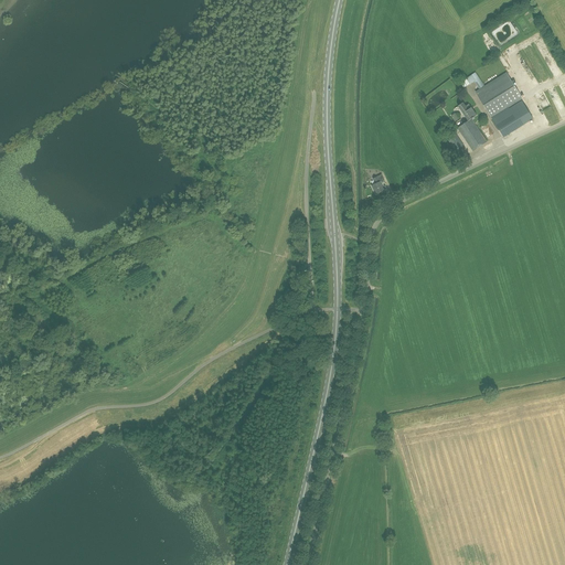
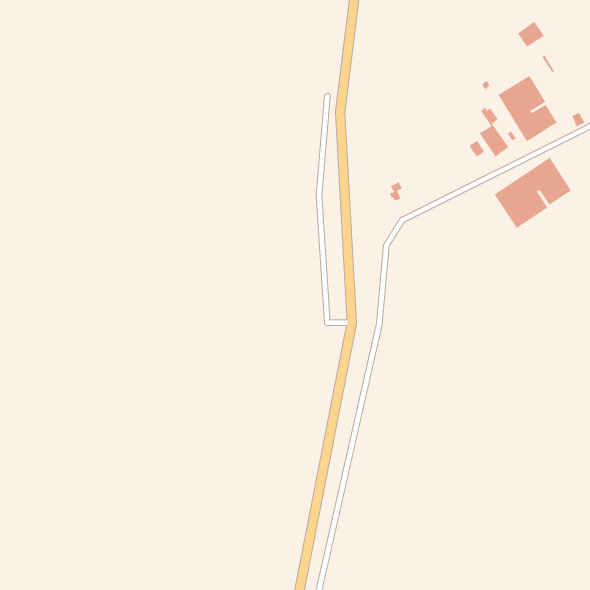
building: none -> [494,157,572,229]

